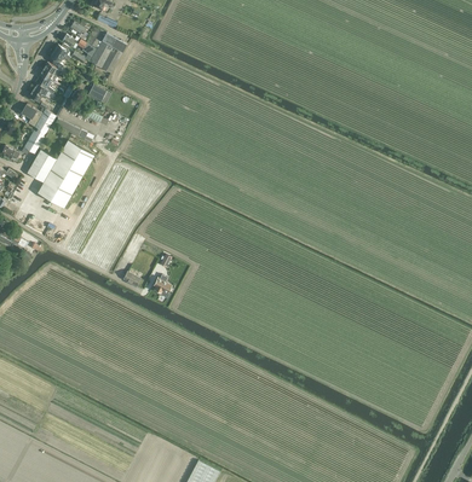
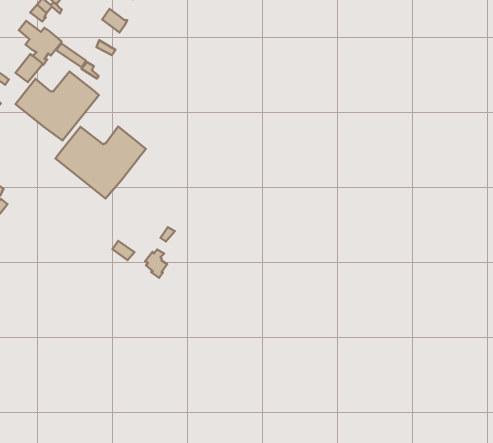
building: none -> [55,127,146,198]

